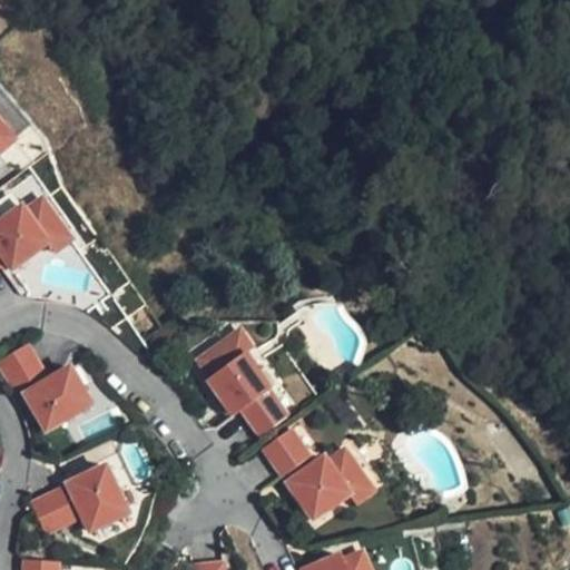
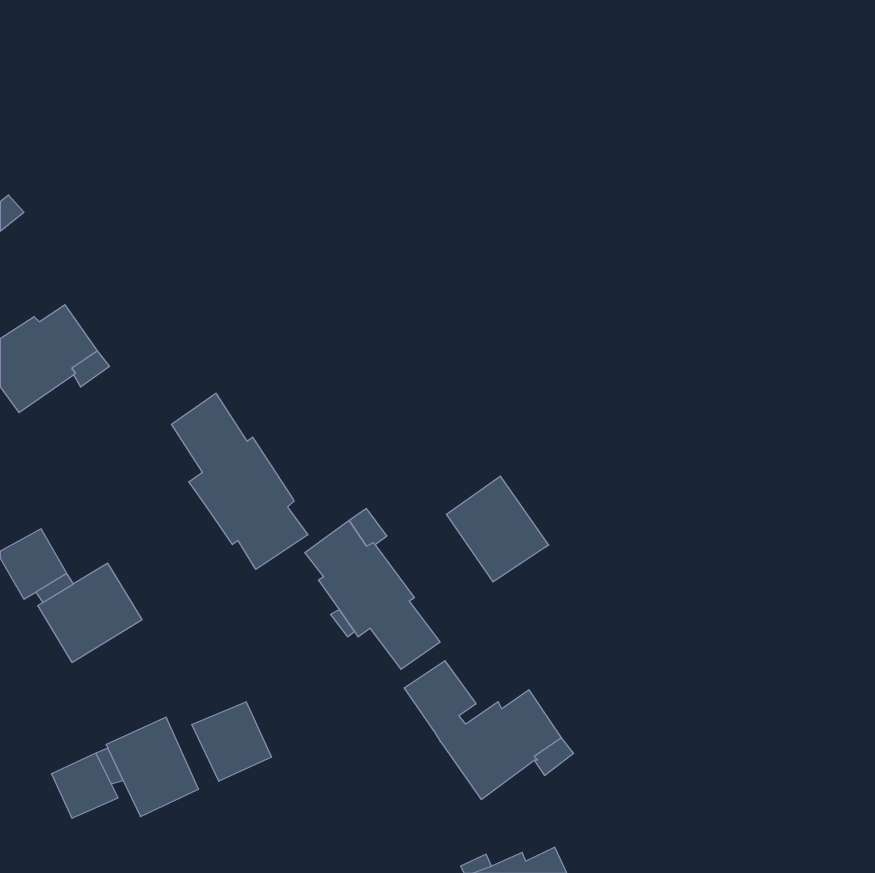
building: none -> [171,393,308,569]
building: none -> [446,476,549,582]
building: none -> [192,702,271,781]

